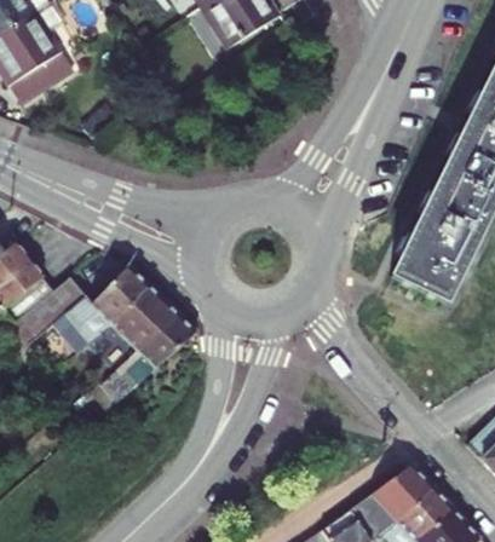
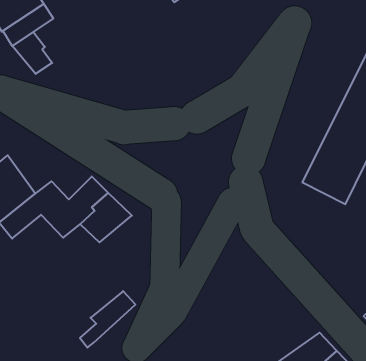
building: none -> [12,32,52,74]
building: [121,318,191,390] -> [80,291,135,348]

